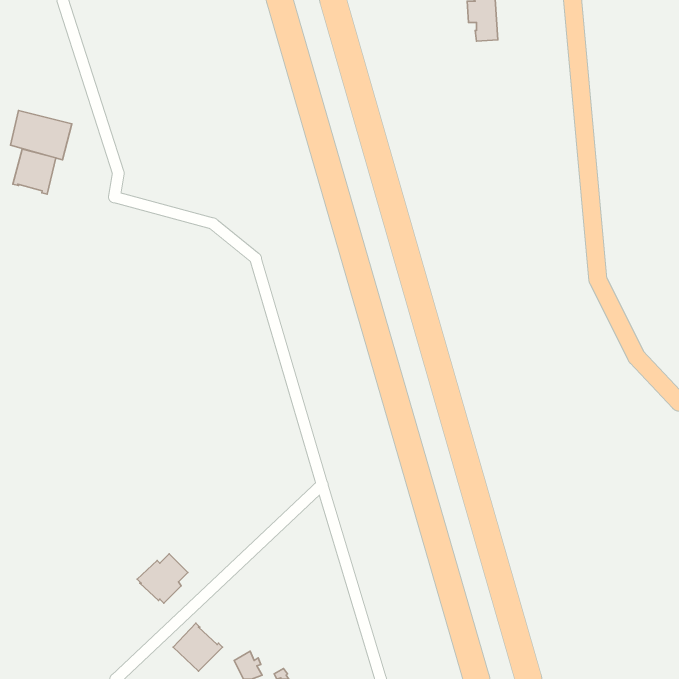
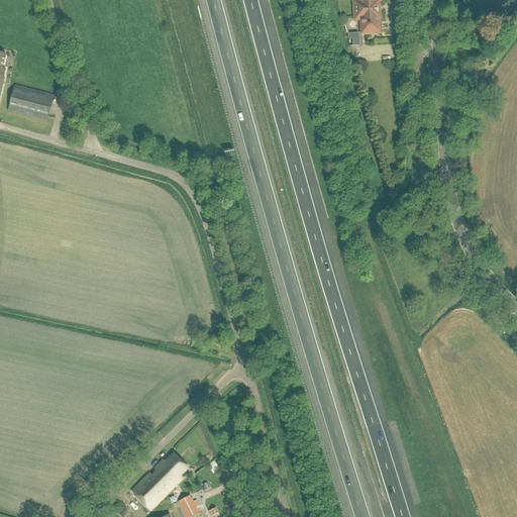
building: [13,149,56,194] -> none
building: [137,554,188,603] -> [148,453,187,491]

